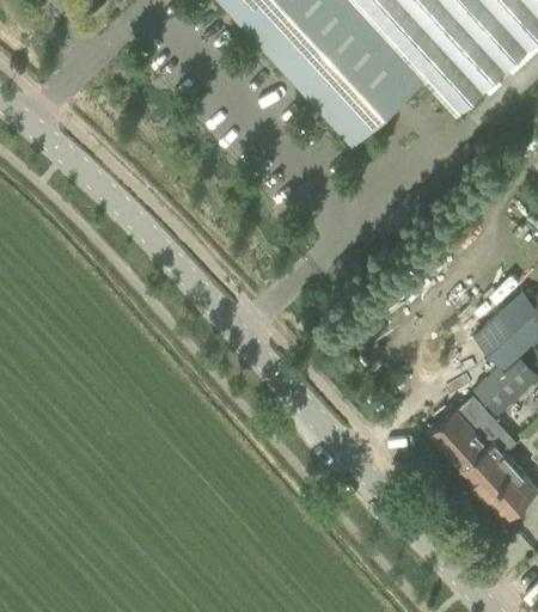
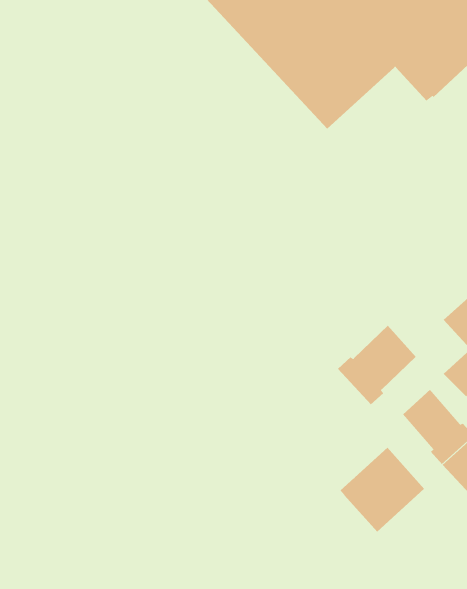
building: none -> [337,325,417,405]
building: none -> [340,447,425,532]

